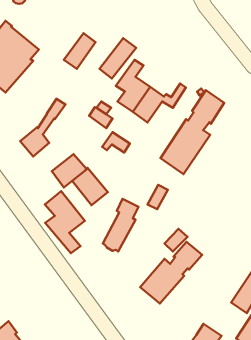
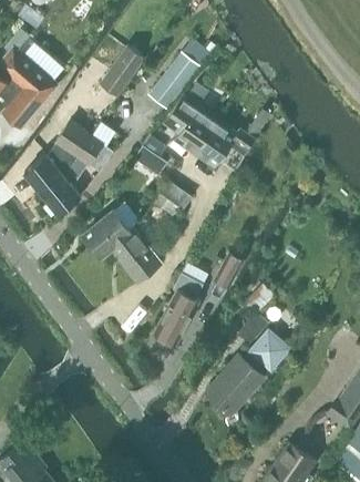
building: none -> [24,122,91,194]
building: [160,90,224,174] -> none
building: [45,191,85,253] -> none

